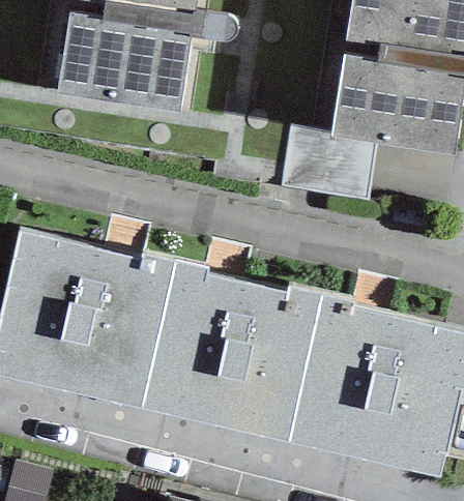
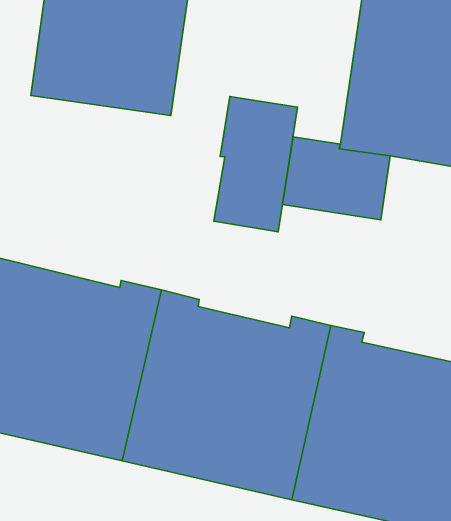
building: none -> [214,97,298,232]

